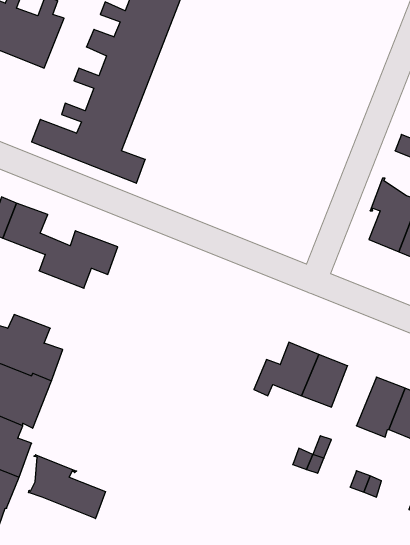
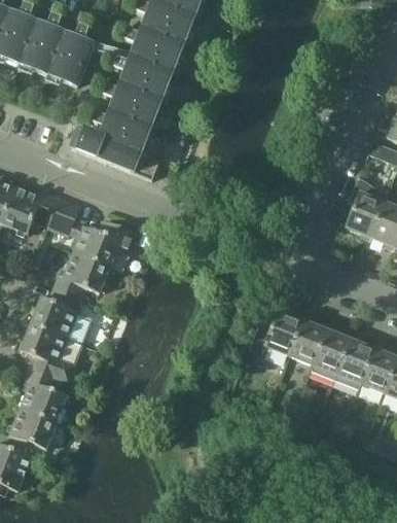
building: none -> [52,251,110,299]
building: none -> [312,329,351,379]
building: [29,455,105,519] -> none

